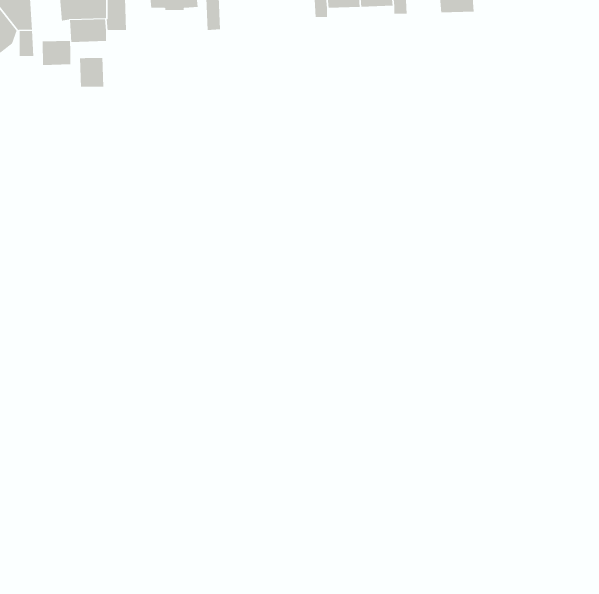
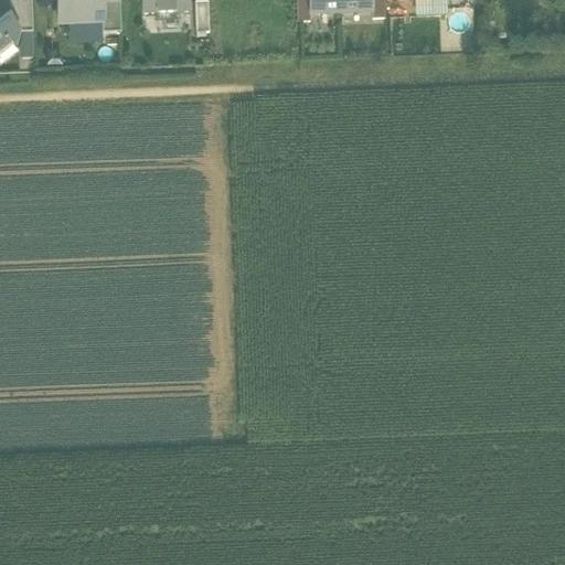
building: [42,40,71,66] -> none
building: [80,57,104,87] -> none

